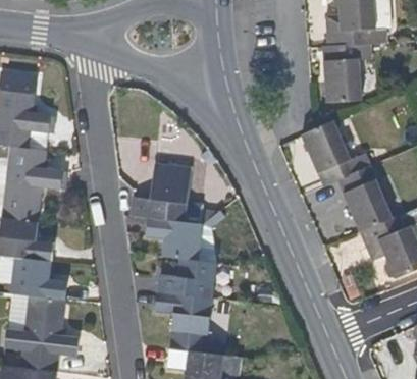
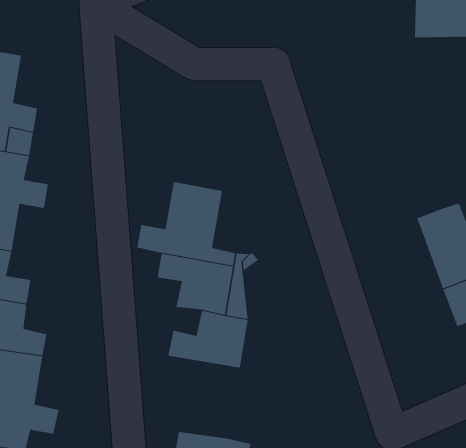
building: [325,44,361,101] -> none
building: [304,121,356,186] -> none
building: [154,293,212,353] -> none

